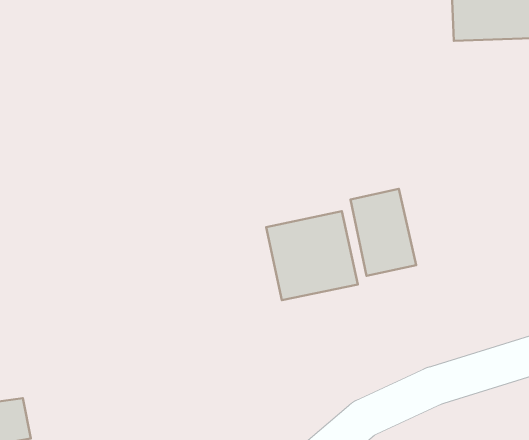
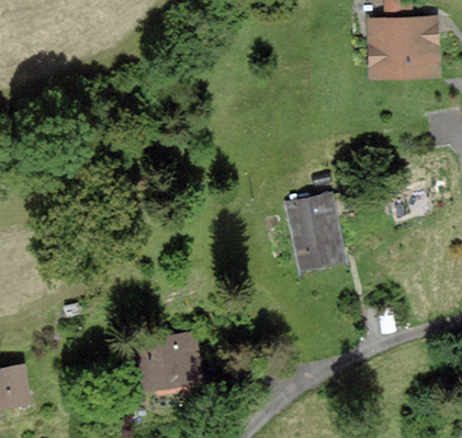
building: [266,211,358,300] -> none
building: none -> [139,335,206,389]

